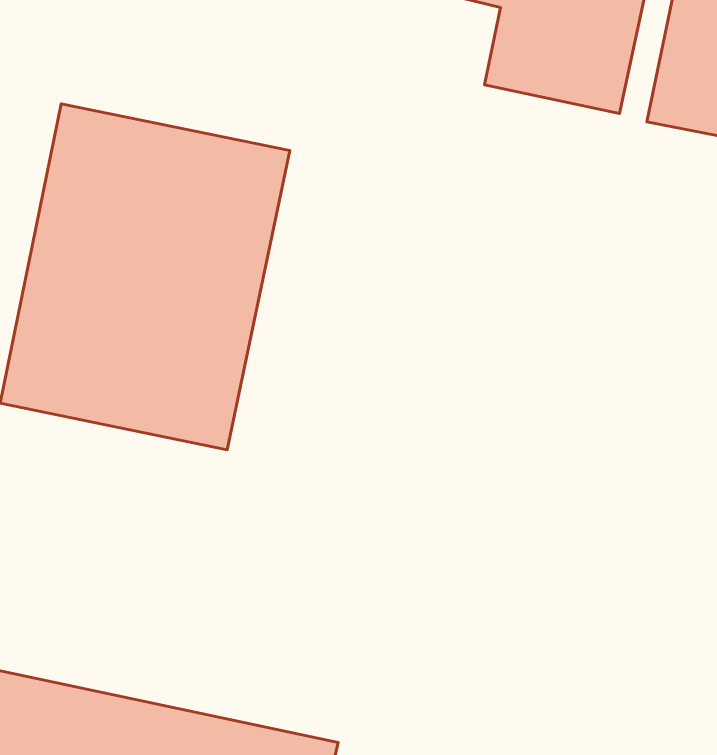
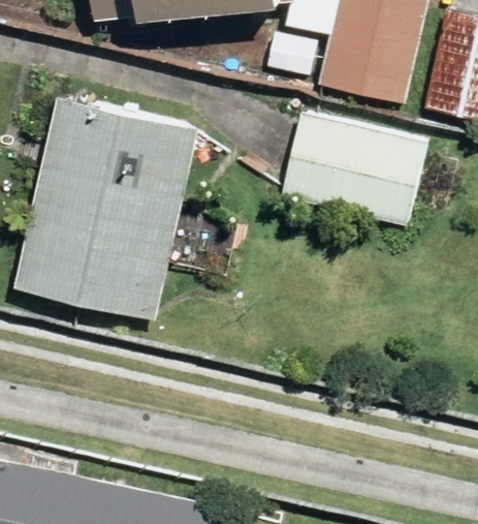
building: none -> [283,113,428,226]

